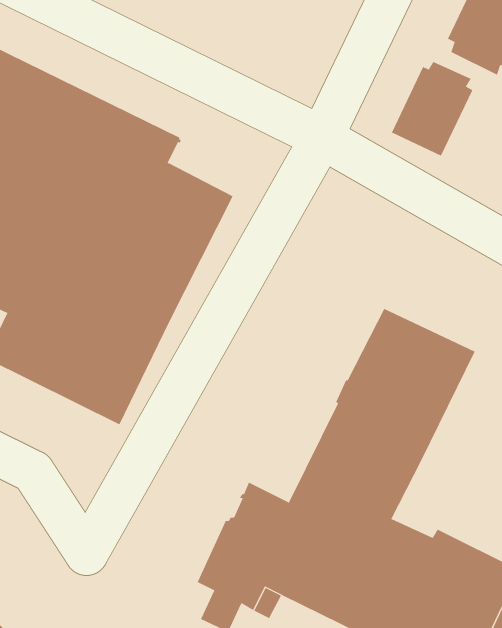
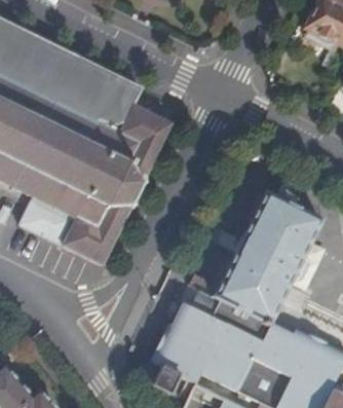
building: [391,61,473,157] -> none

